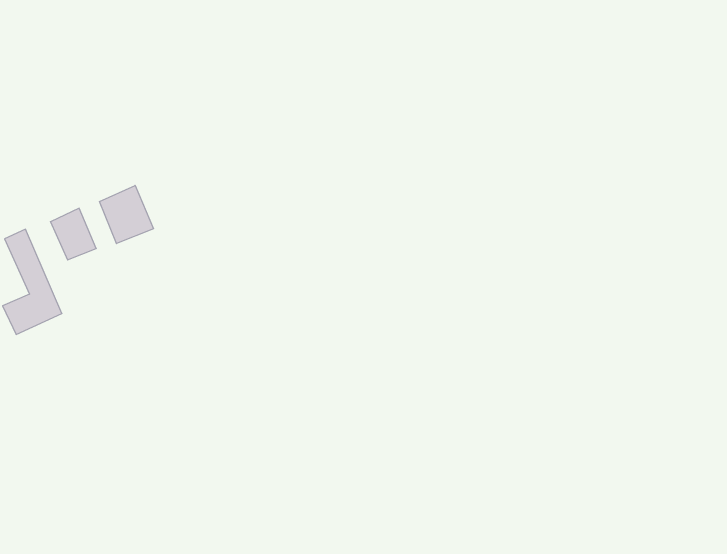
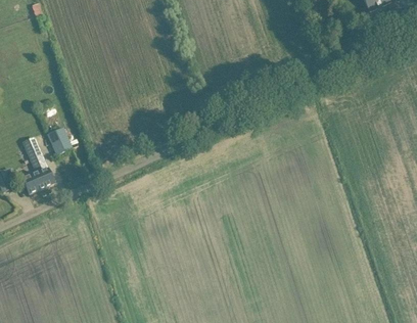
building: [99,185,154,244] -> none

